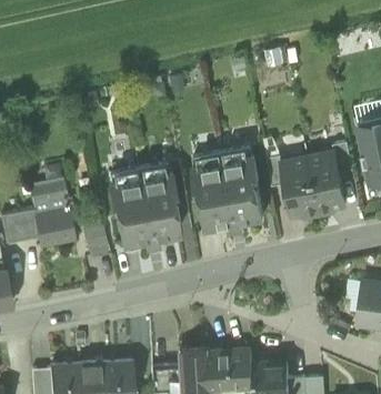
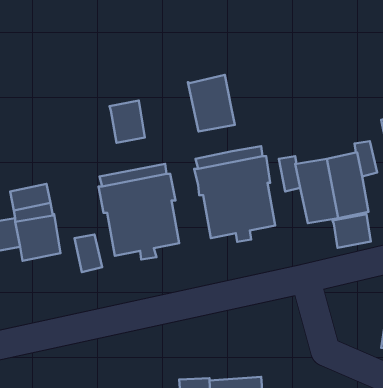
building: none -> [188,75,235,131]
building: none -> [109,100,145,143]
building: none -> [332,214,371,248]

